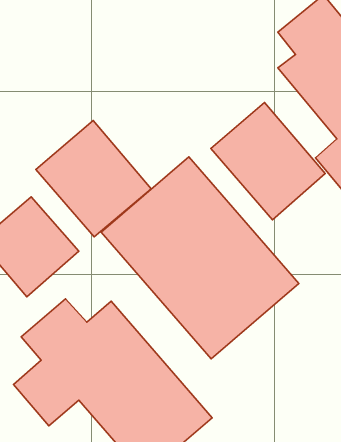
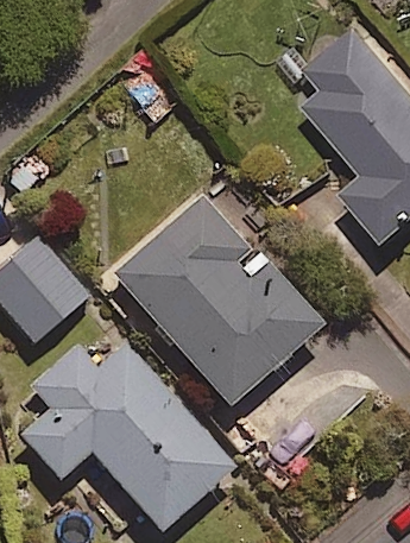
building: [211,103,325,220] -> none
building: [36,120,151,237] -> none

